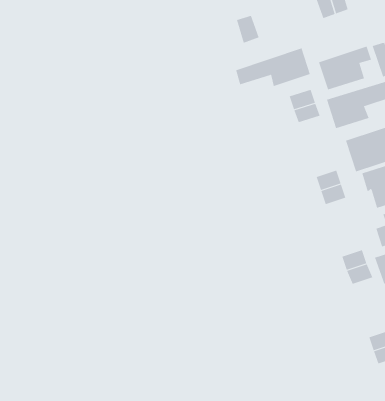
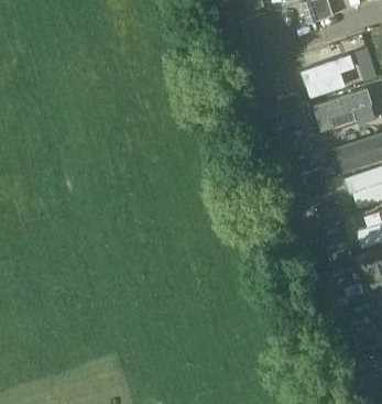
building: [235,48,310,87] -> none

